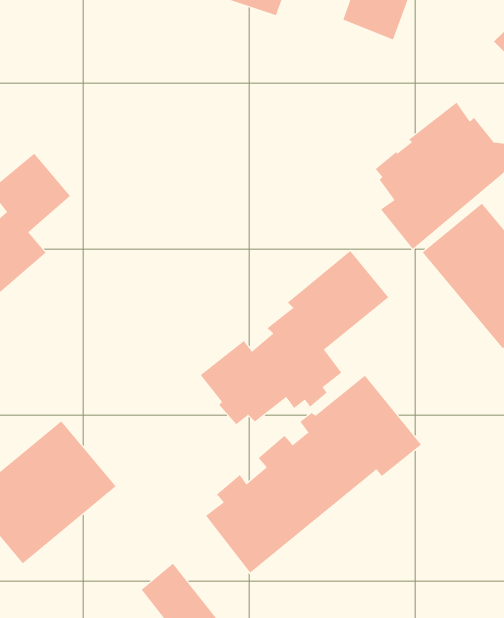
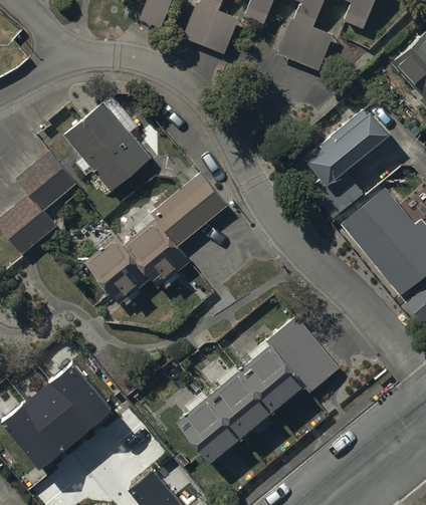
building: none -> [64,103,152,193]
building: [200,250,389,425] -> [84,170,226,300]

